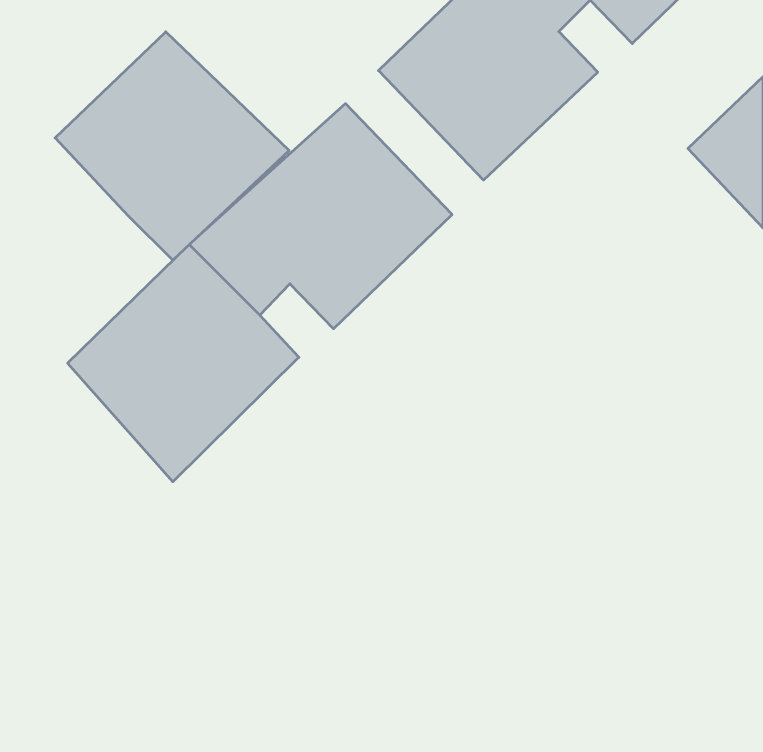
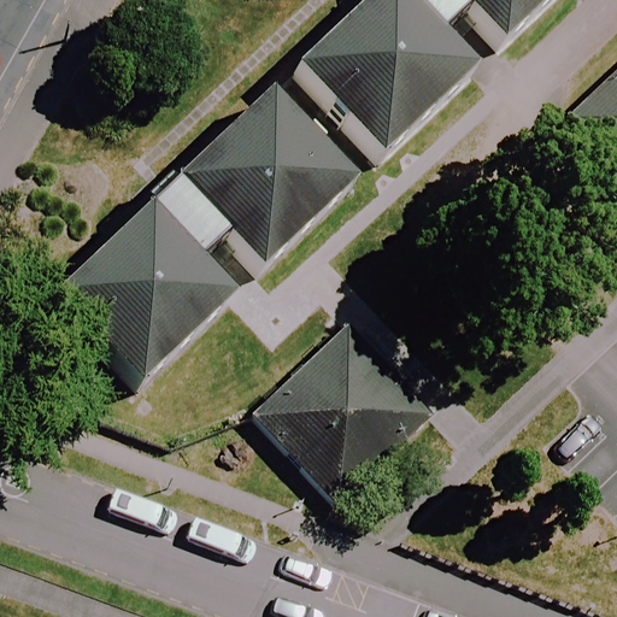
building: [55,32,289,260] -> none
building: none -> [239,311,424,501]

